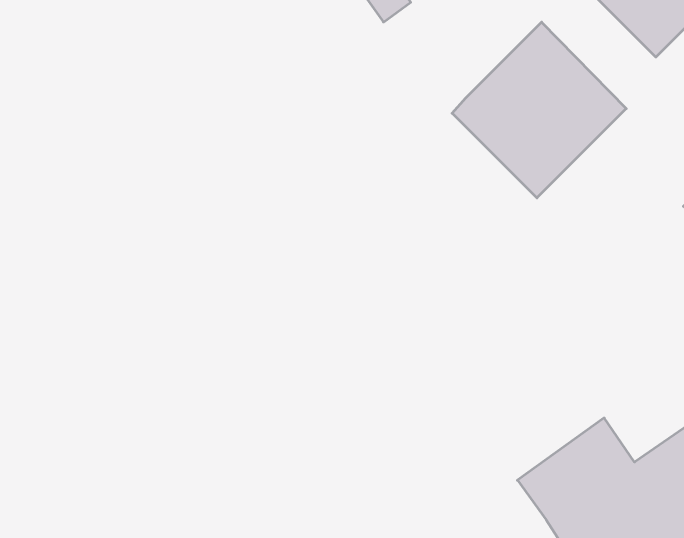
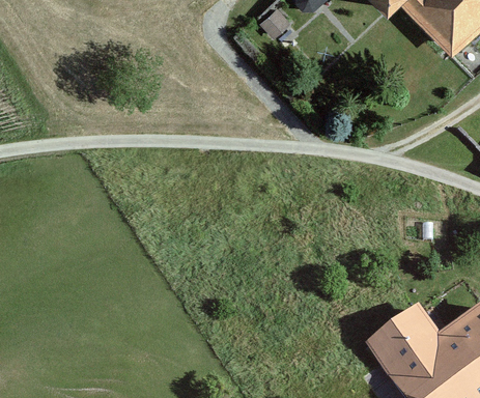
building: [452,22,626,198] -> none

